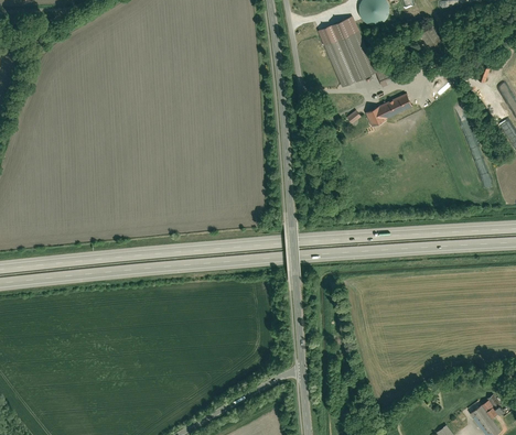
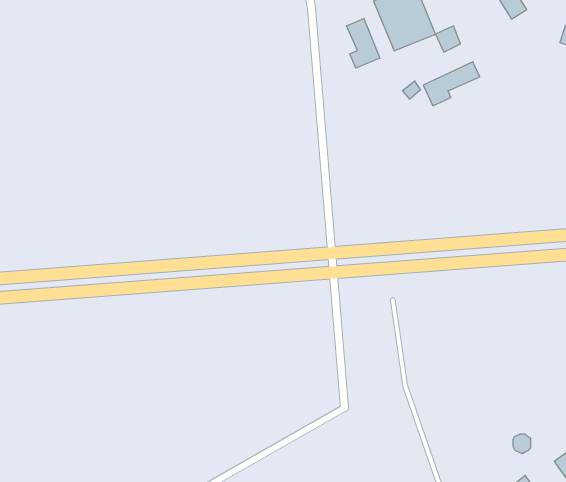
building: none -> [346,18,380,68]

